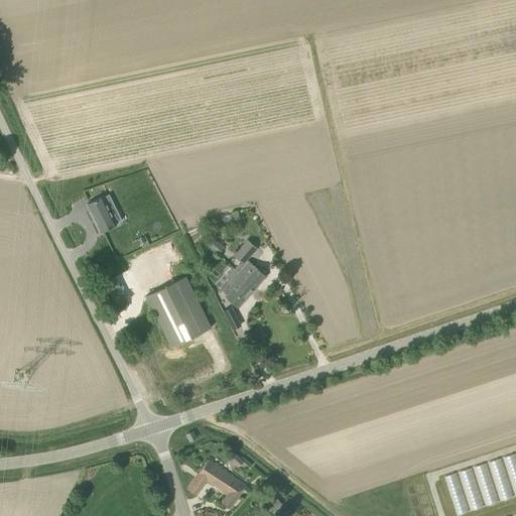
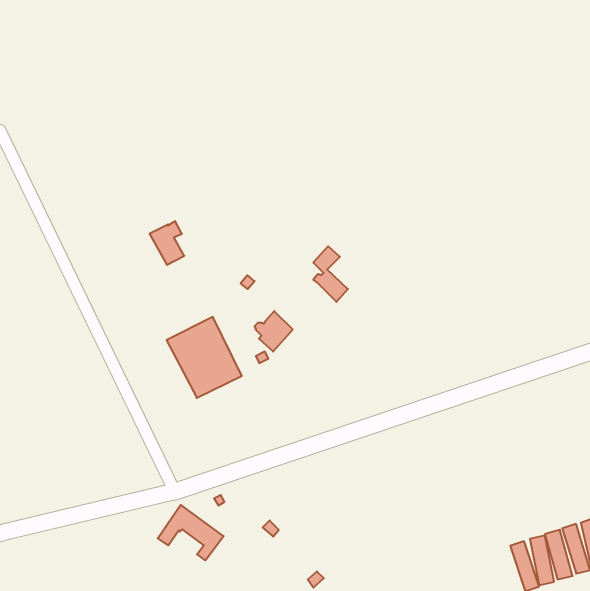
building: [88,194,118,232] -> [150,221,184,265]
building: [236,239,266,287] -> [313,246,348,302]
building: [188,460,246,508] -> [158,505,224,560]

